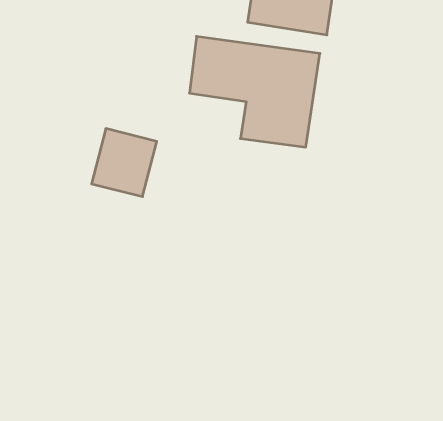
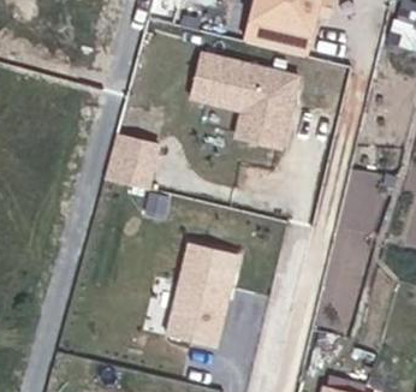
building: none -> [162,238,243,346]

